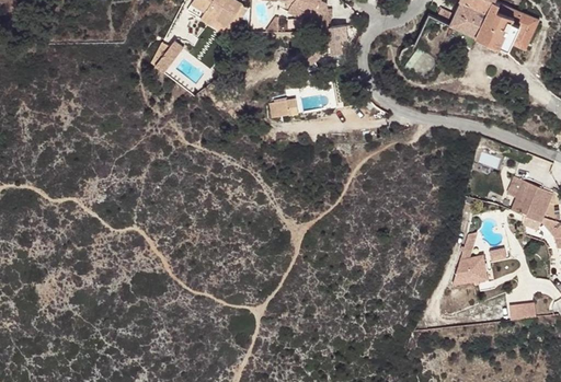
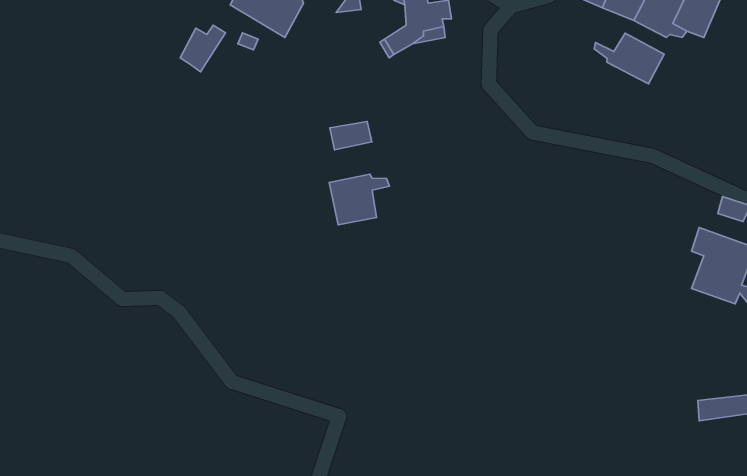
building: none -> [594,33,664,84]
building: none -> [329,174,389,225]
building: [454,233,514,287] -> none

